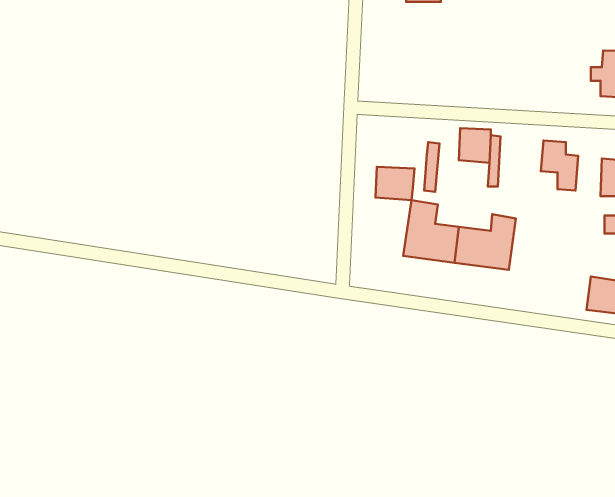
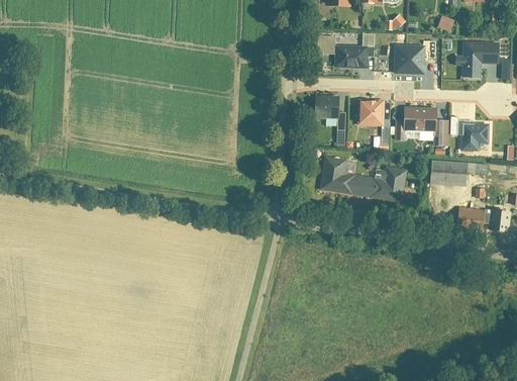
building: none -> [399,42,428,72]
building: none -> [333,45,368,68]
building: none -> [406,106,425,129]
building: [376,167,414,200] -> [314,93,342,117]
building: none -> [431,161,466,185]

